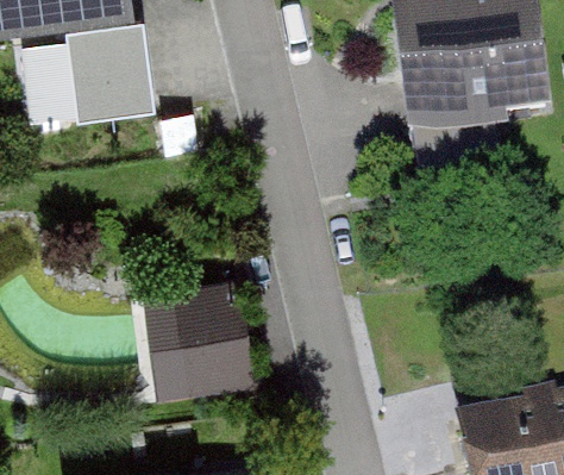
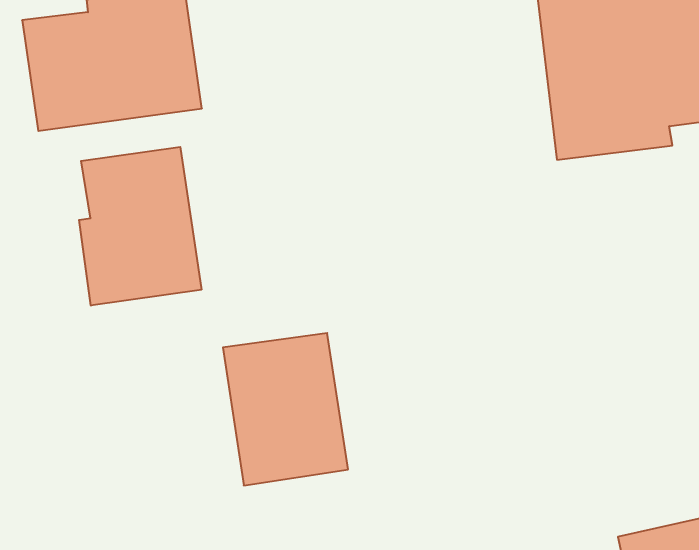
building: none -> [79,147,201,306]

